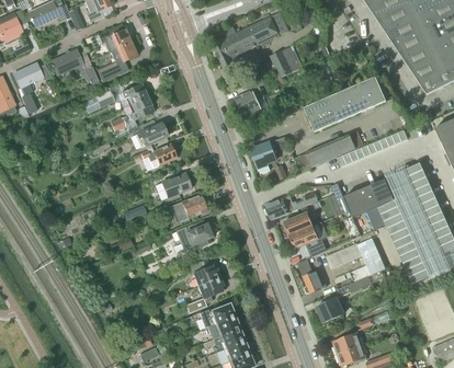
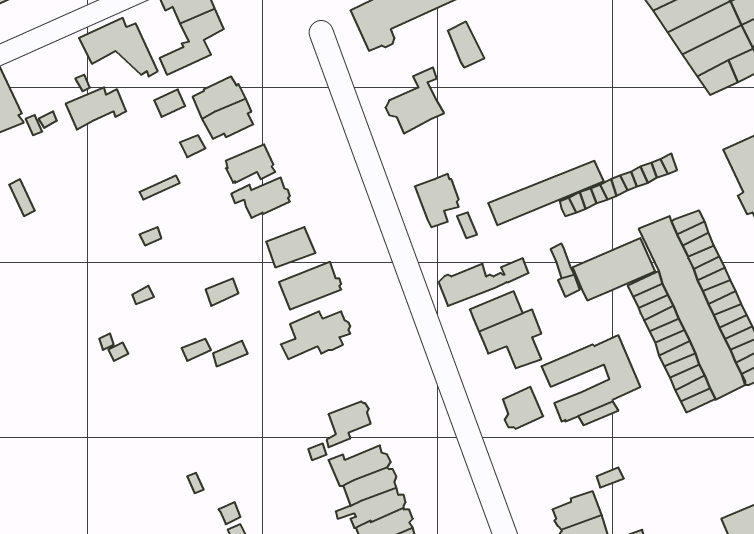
building: [13,61,49,87] -> [66,87,126,130]
building: [304,76,386,131] -> none
building: [186,257,219,284] -> none
building: [316,295,344,322] -> none

